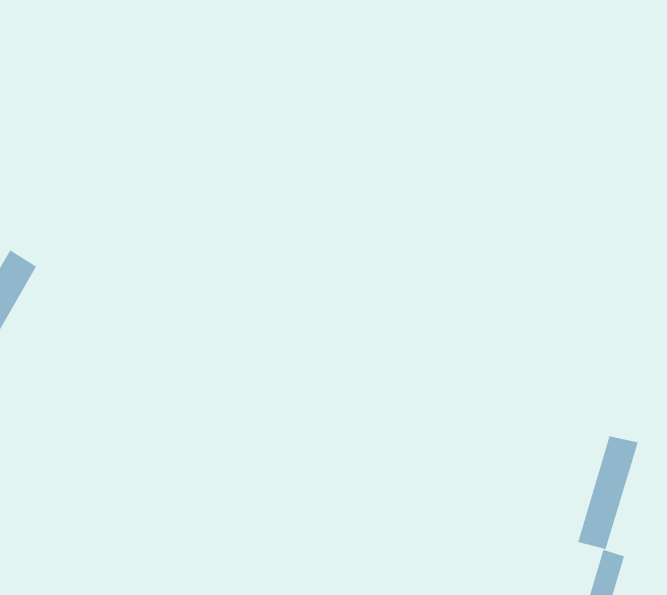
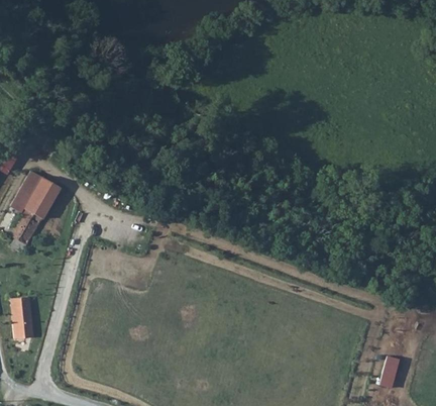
building: [577,435,639,550] -> none

